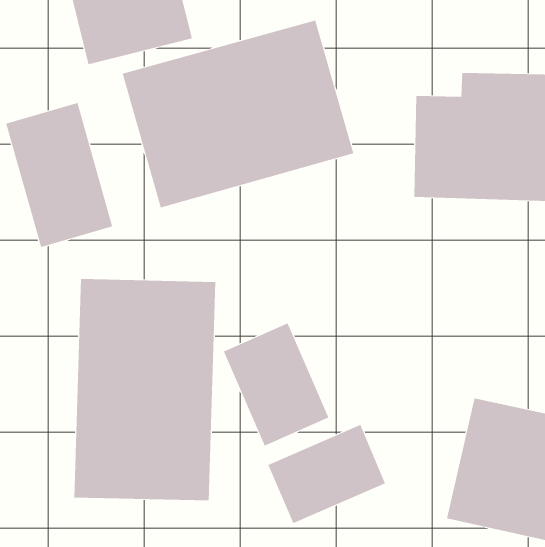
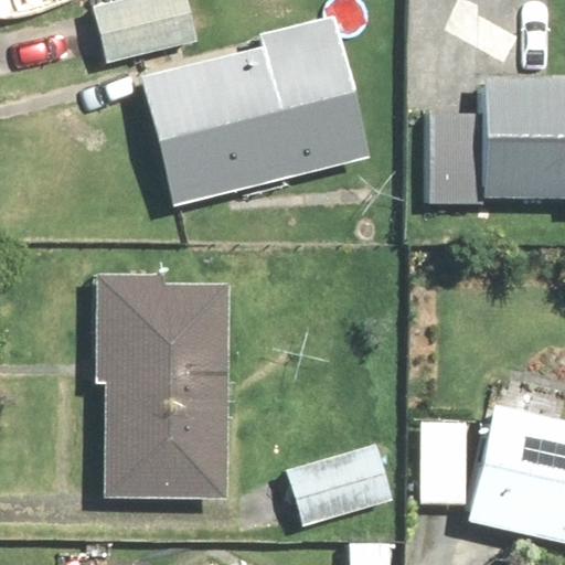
building: [6,102,113,248] -> none
building: [223,322,329,447] -> none

